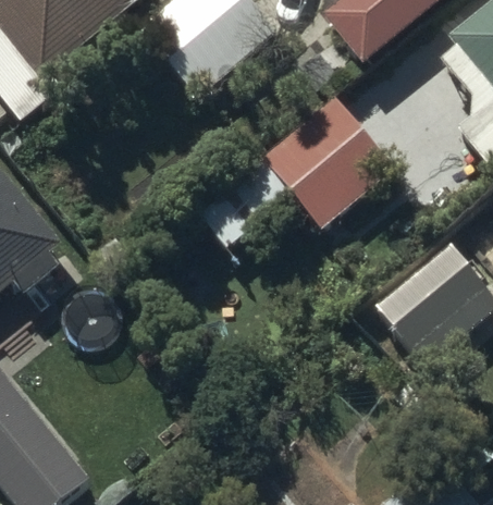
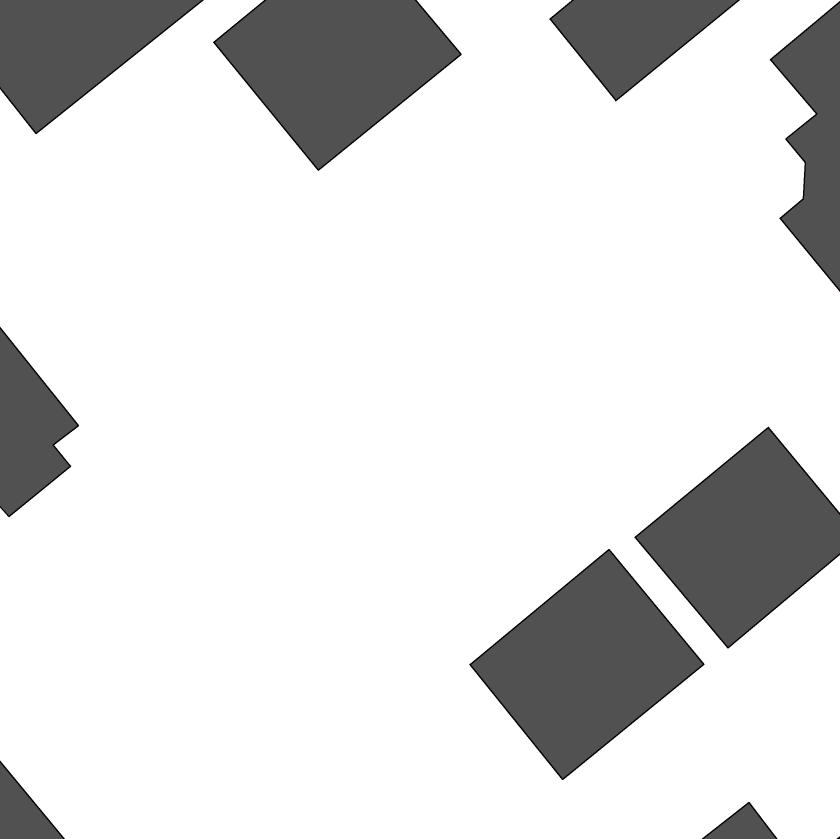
building: [262,96,395,229] -> none
building: none -> [470,550,704,779]

